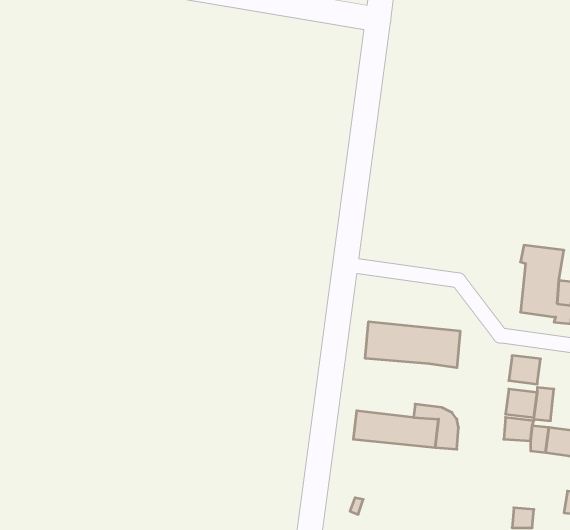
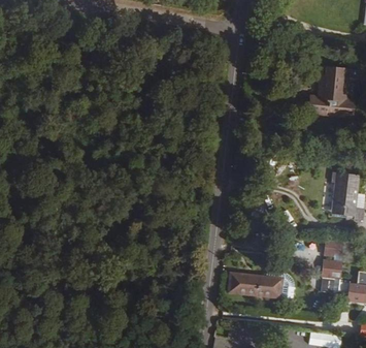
building: none -> [309,66,353,117]
building: [365,322,460,368] -> none

